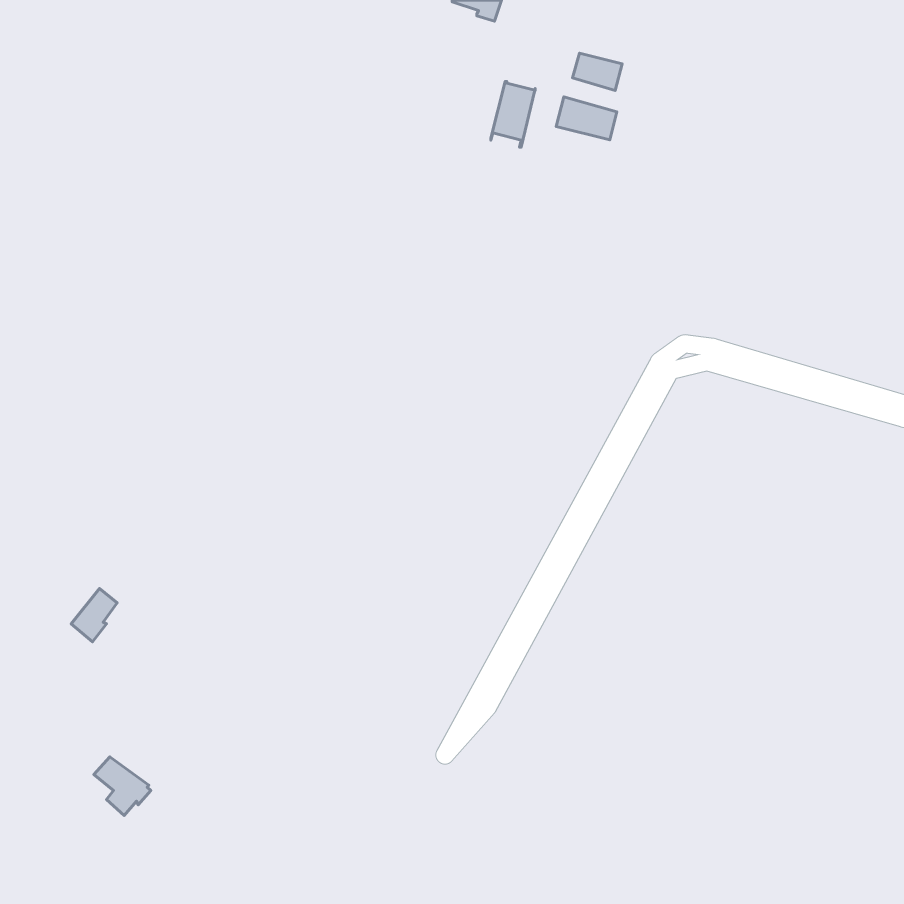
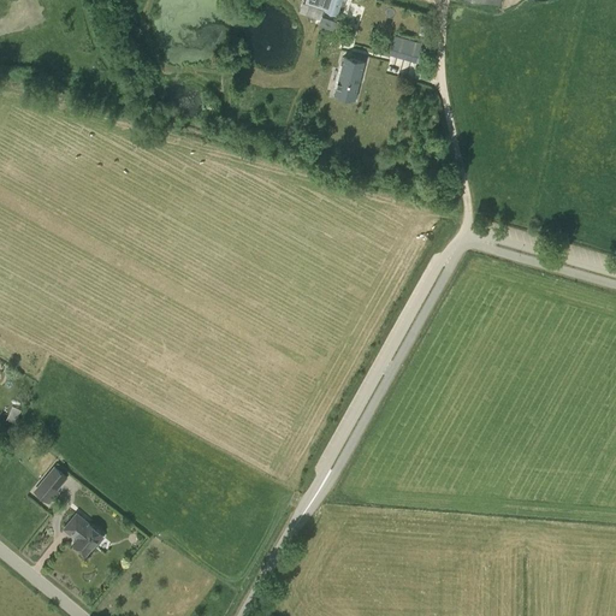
building: [556,97,617,140] -> none
building: [71,589,117,642] -> [34,468,65,504]

